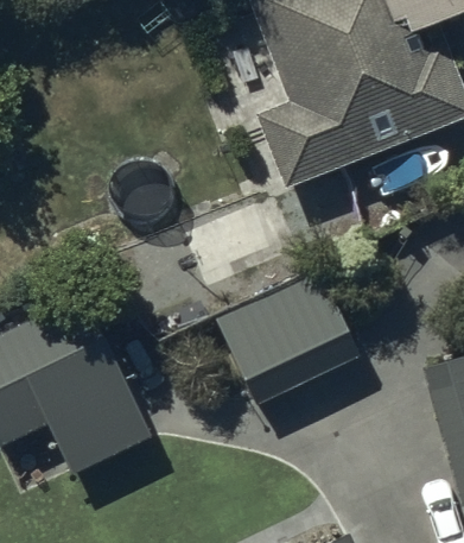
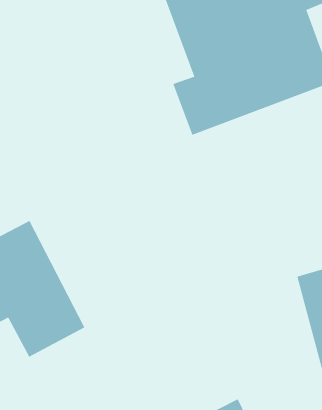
building: [217,270,360,404] -> none

